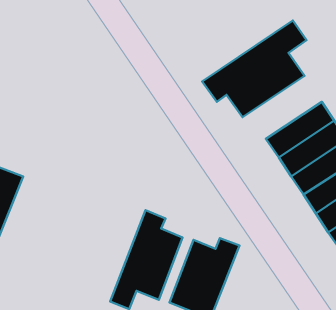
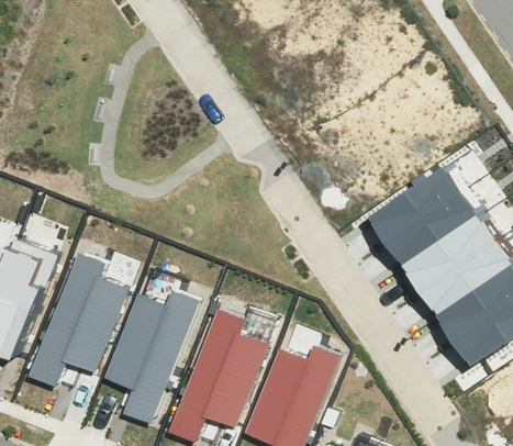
building: [202,20,306,117] -> none
building: none -> [29,256,126,387]
building: none -> [107,291,200,422]

